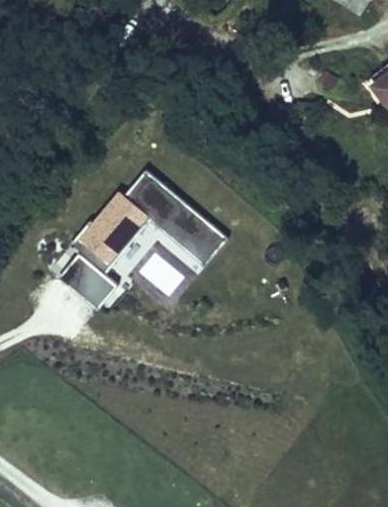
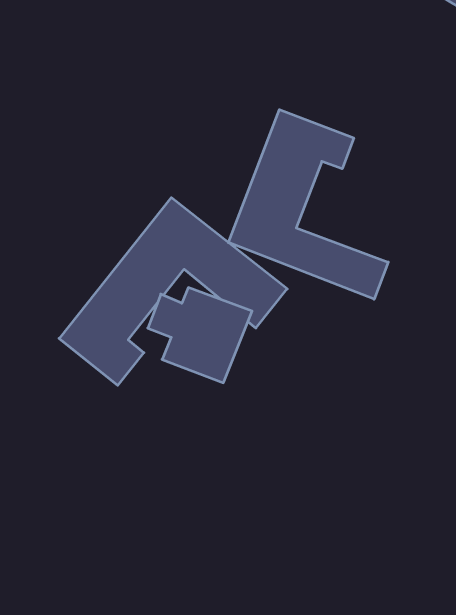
building: none -> [228,110,388,299]

